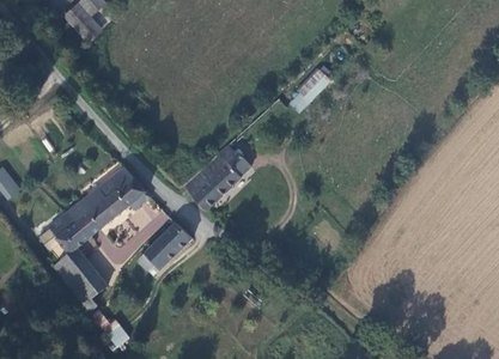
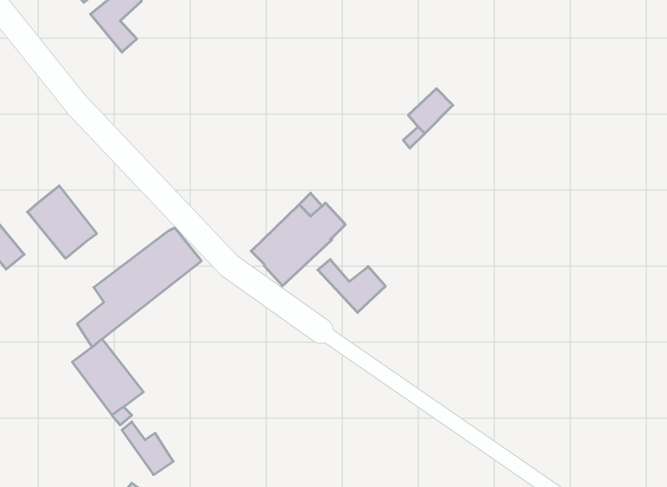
building: none -> [27,186,97,258]
building: none -> [318,259,385,313]
building: [144,223,190,264] -> none

